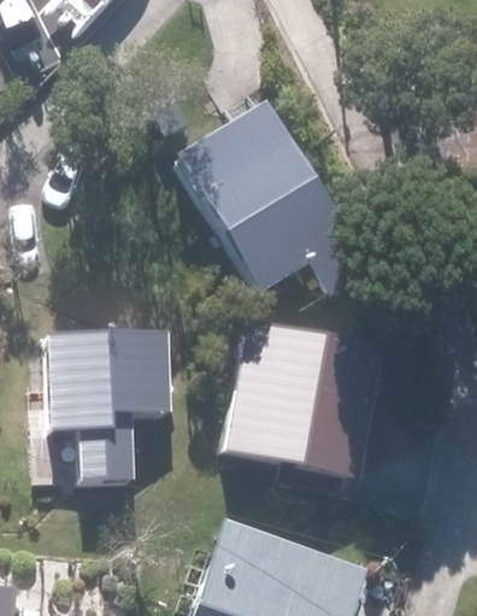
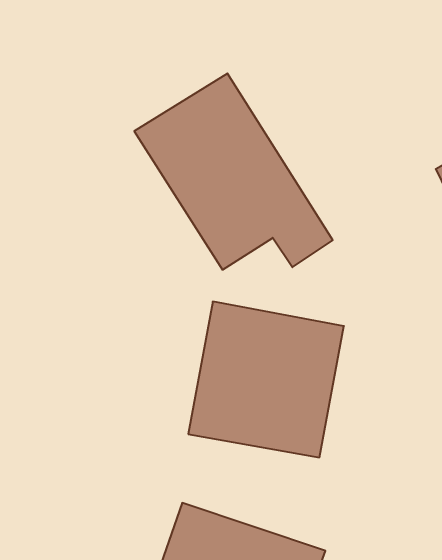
building: [55,330,178,480] -> none

